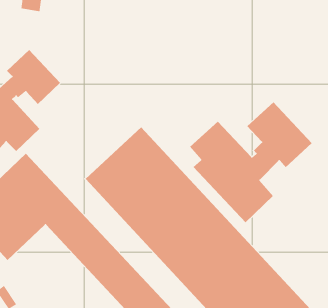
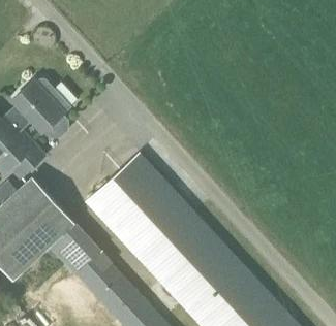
building: [189,101,313,223] -> none

